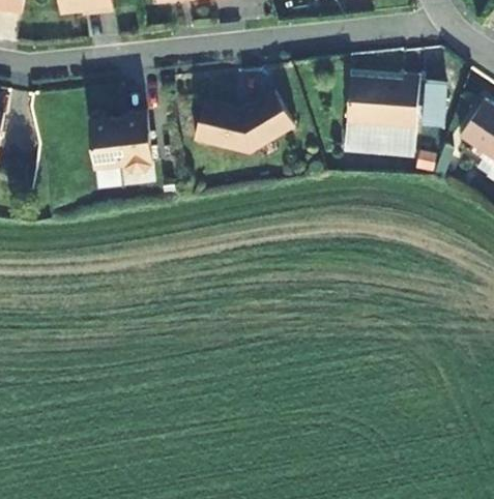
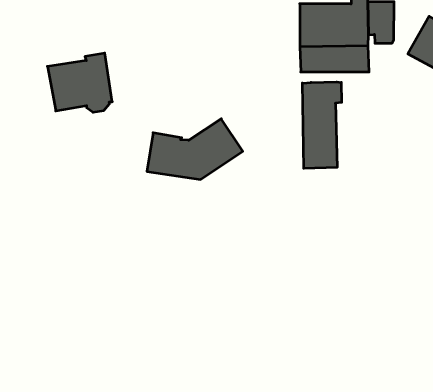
building: [194,90,294,151] -> [147,119,243,179]
building: none -> [302,82,342,168]

